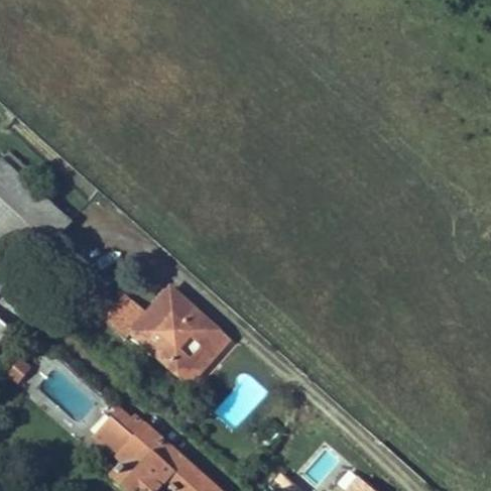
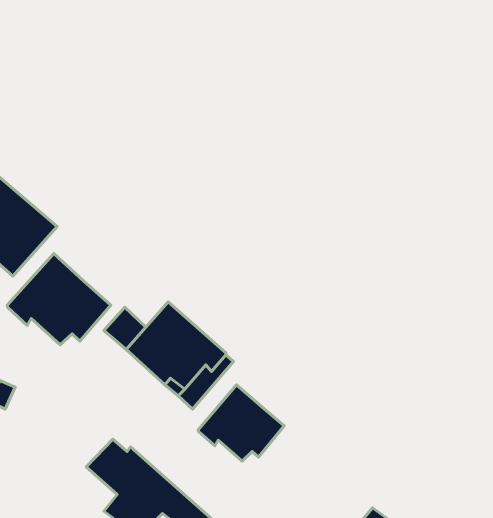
building: none -> [7,254,111,345]
building: none -> [198,385,284,461]

